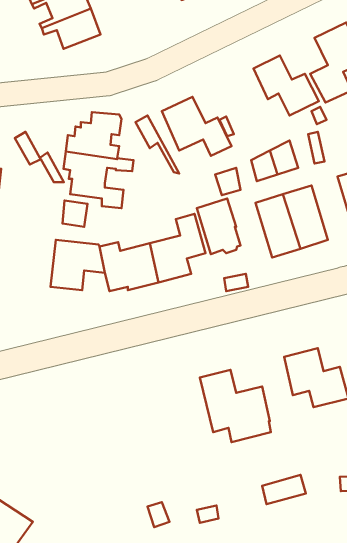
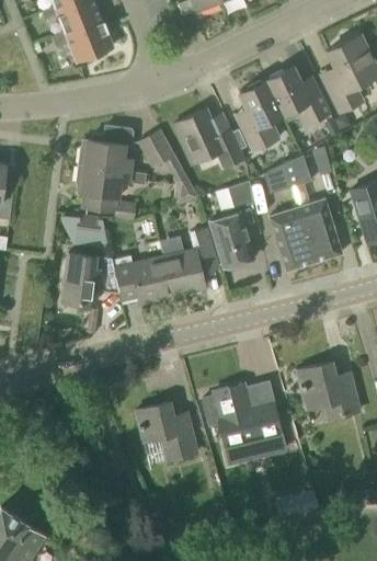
building: none -> [239,81,281,153]
building: [15,132,64,182] -> [137,135,186,185]
building: none -> [136,402,199,462]

